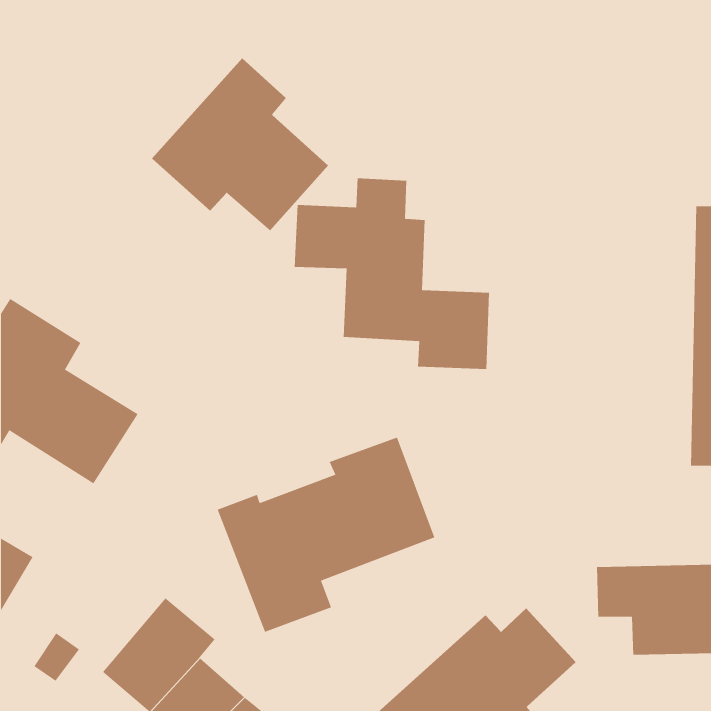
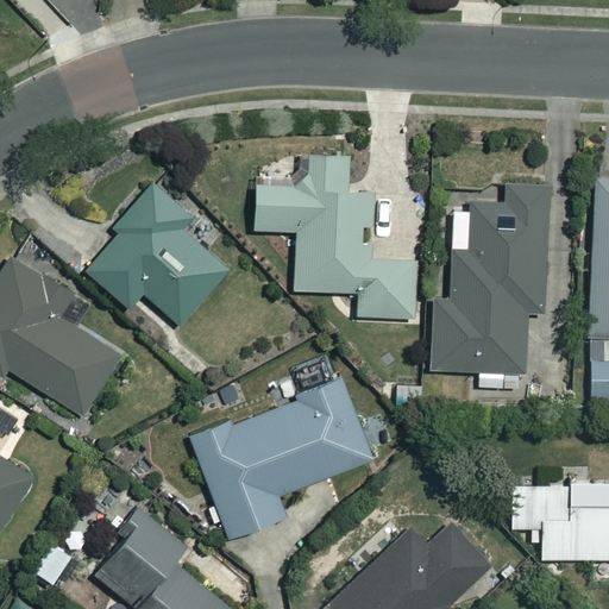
building: [151,58,329,231] -> [80,178,231,326]
building: none -> [431,184,548,389]

